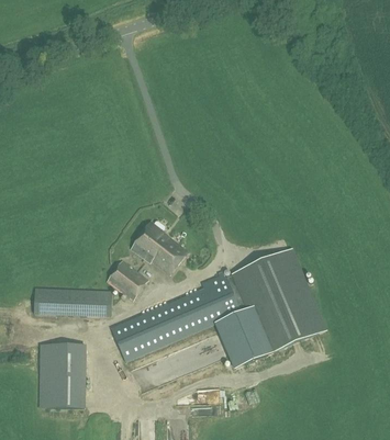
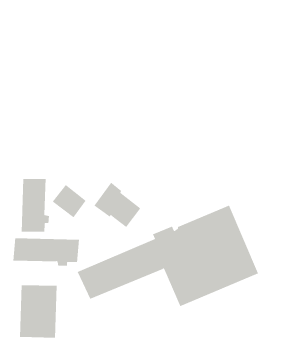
building: none -> [21,178,50,232]
building: [105,260,147,301] -> [52,184,87,218]

